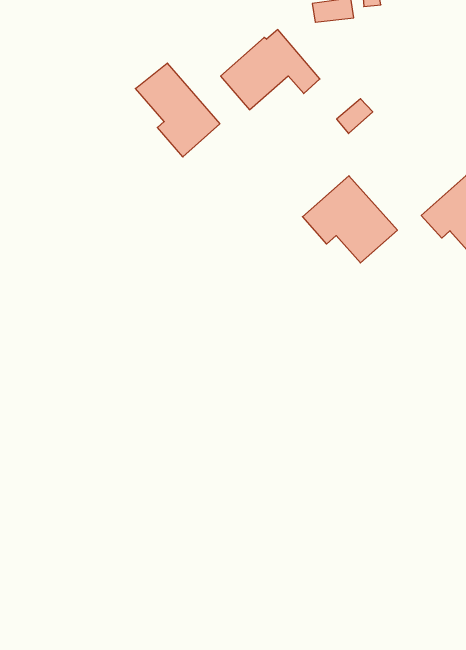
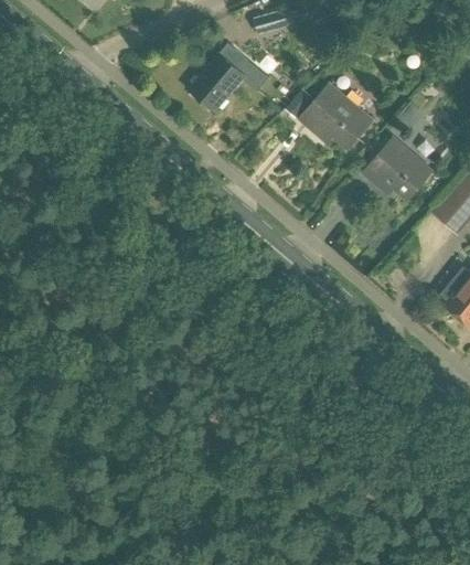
building: [135,63,220,157] -> none
building: [302,176,397,263] -> [298,83,374,150]

